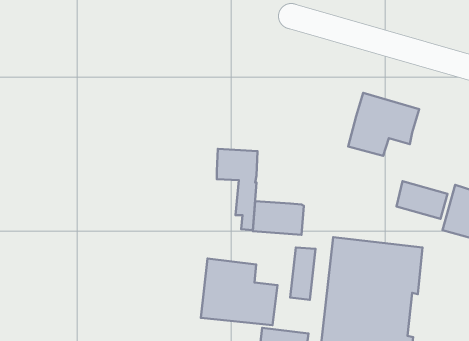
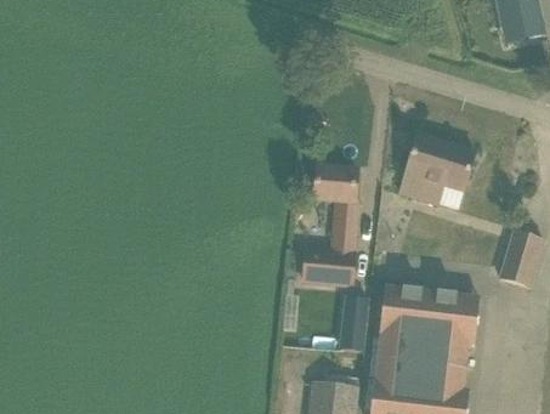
building: [217,149,258,230] -> [314,165,357,250]
building: [397,181,448,219] -> none
building: [201,258,277,325] -> none

